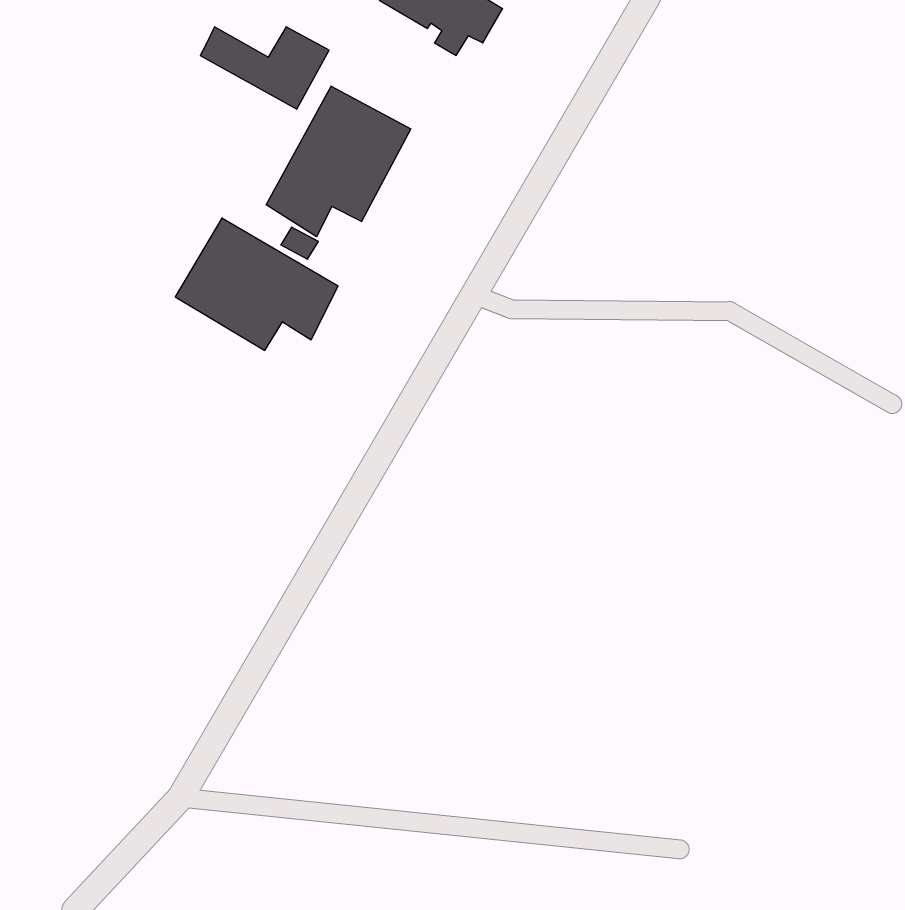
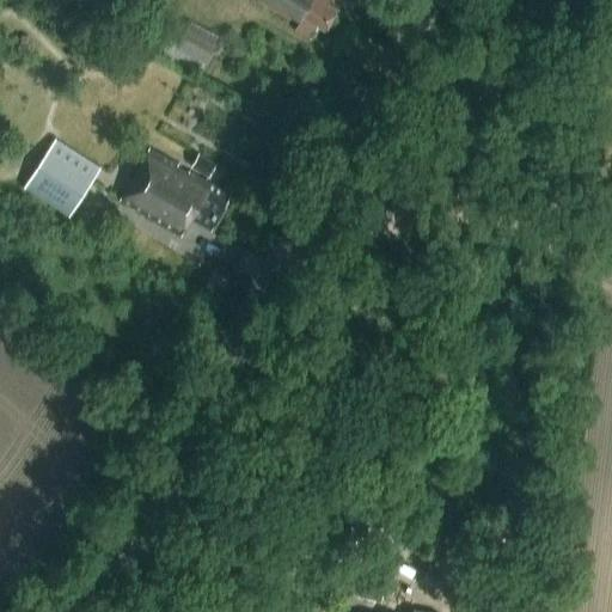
building: [266,86,411,237] -> none
building: none -> [25,149,94,214]

